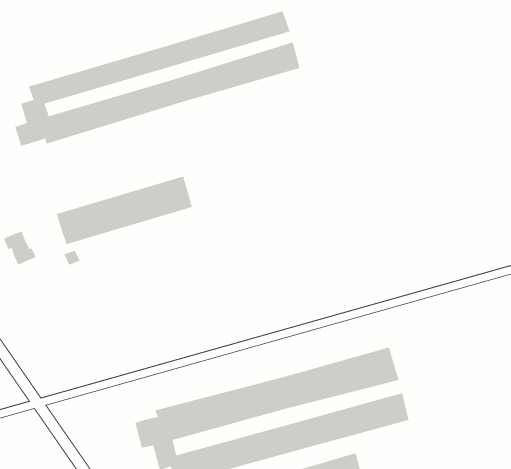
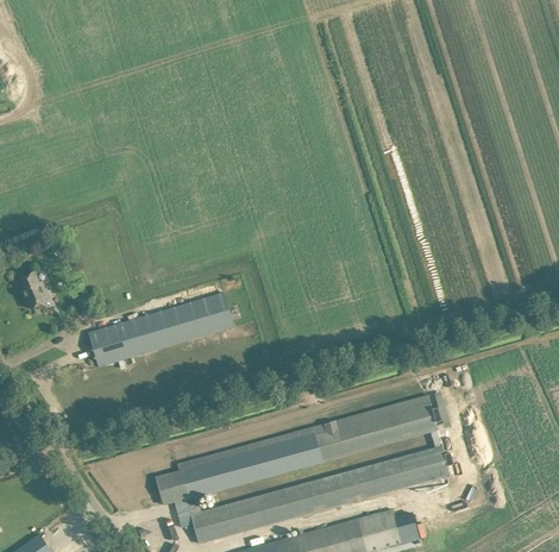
building: [15,10,300,147] -> none
building: [56,176,193,245] -> [88,291,234,365]

